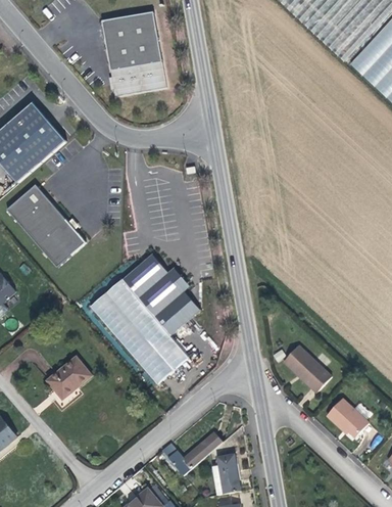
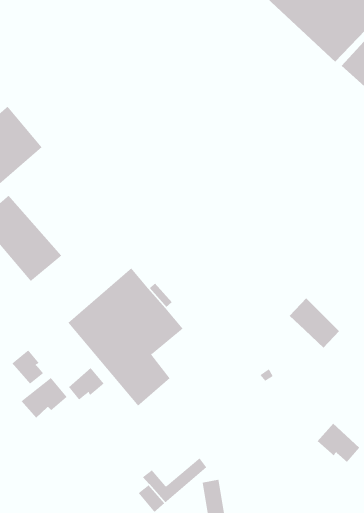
building: [102,10,166,94] -> none
building: none -> [12,350,44,384]
building: [282,344,330,393] -> [289,297,340,348]
building: none -> [68,367,104,400]

